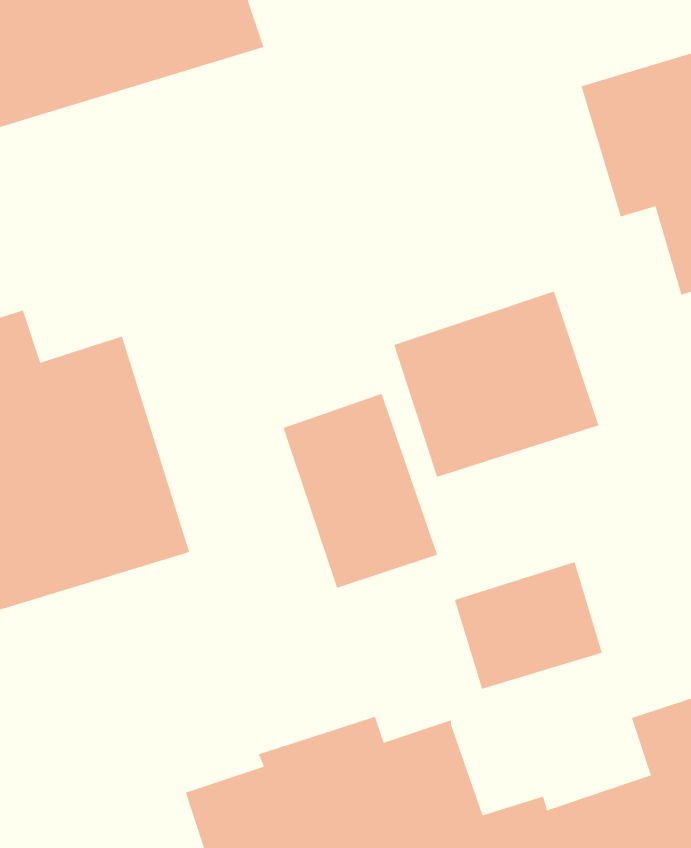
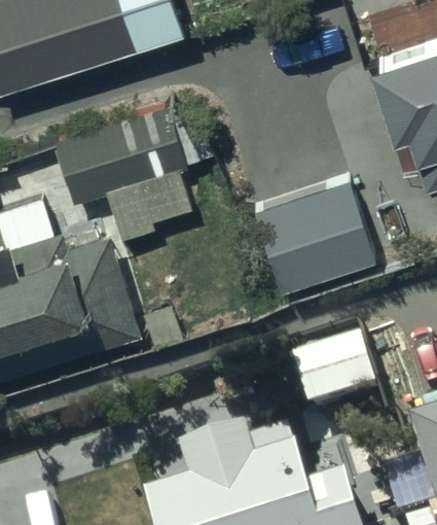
building: none -> [48,104,210,240]
building: [283,393,438,589] -> none

